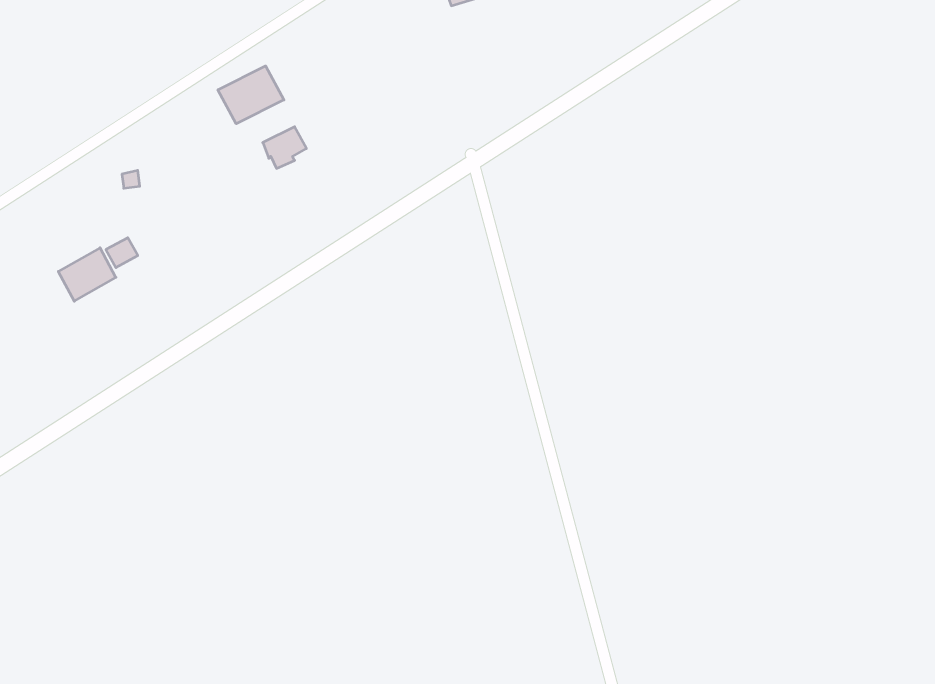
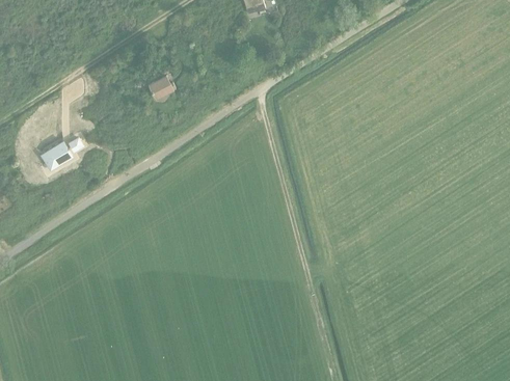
building: [218,66,284,124] -> none

